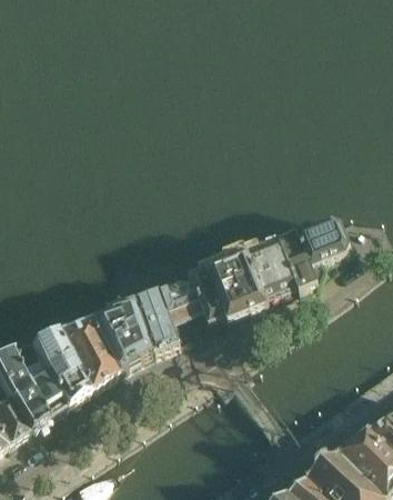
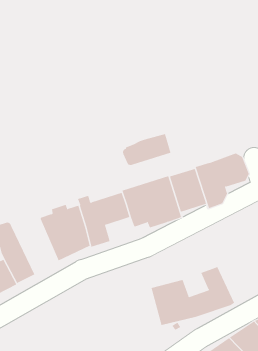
building: none -> [122,133,171,166]
building: [48,320,109,394] -> none
building: none -> [151,266,235,326]

